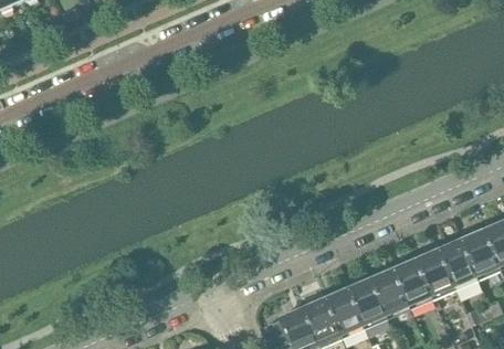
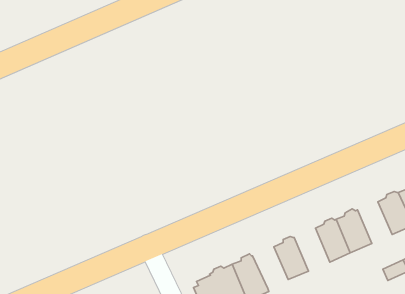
building: [439,240,476,286] -> none
building: [370,268,409,316] -> none
building: [325,288,364,335] -> none

